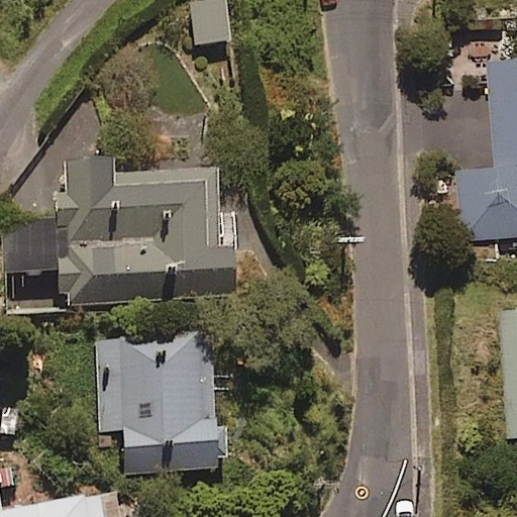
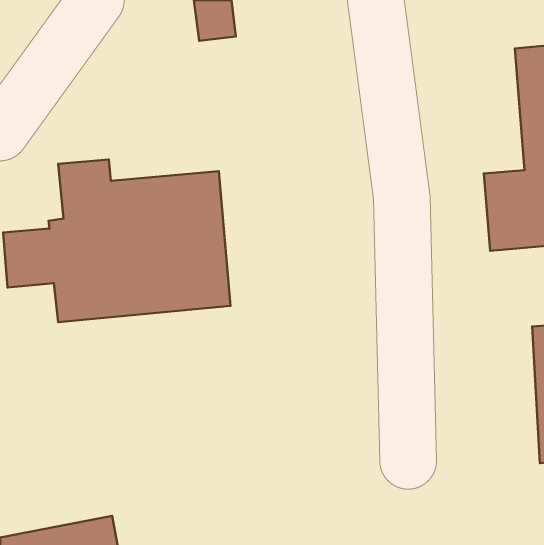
building: [97,334,225,473] -> none

